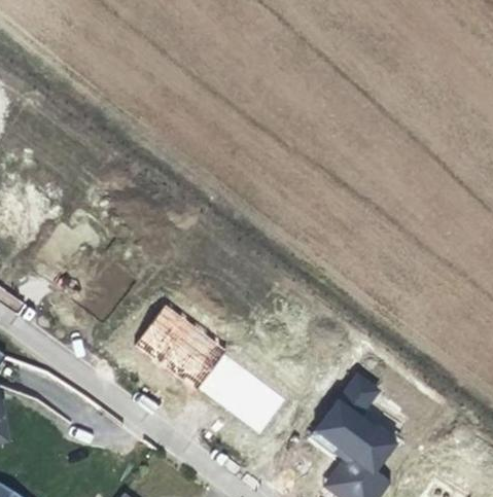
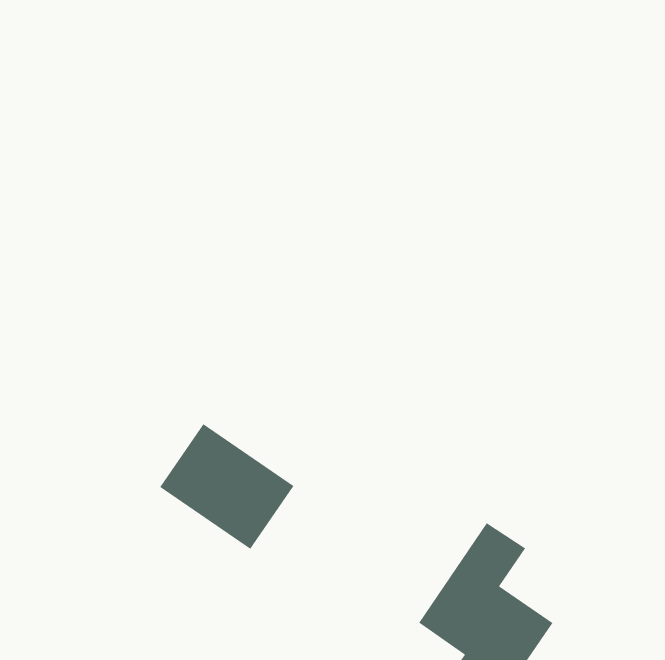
building: [198,356,285,431] -> none

